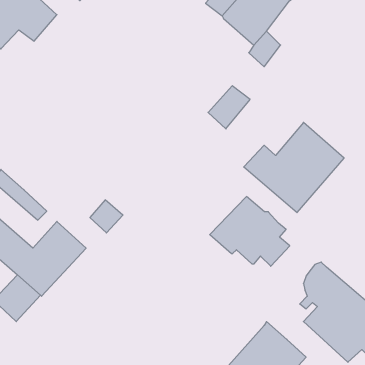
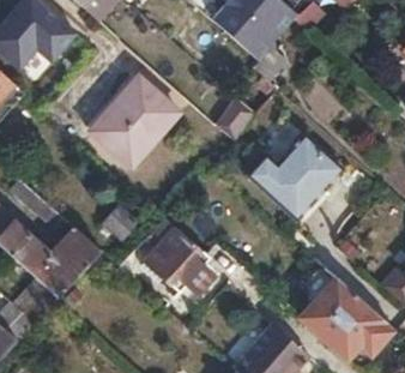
building: none -> [89,77,179,167]
building: [210,197,290,266] -> [140,227,216,293]

